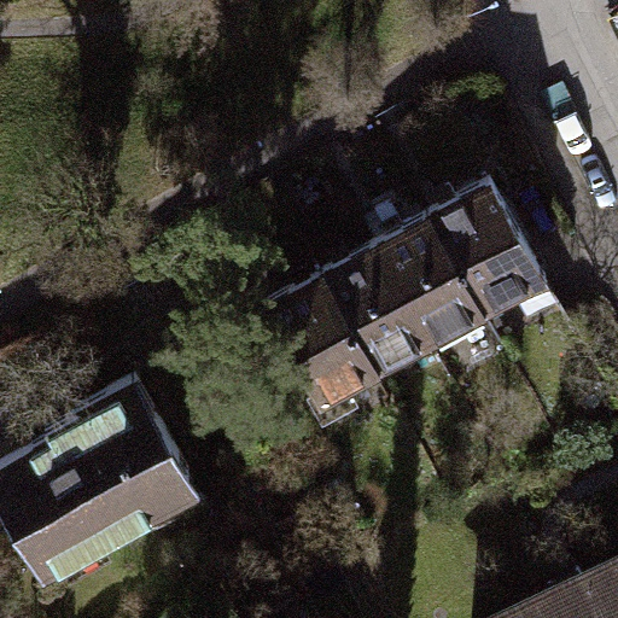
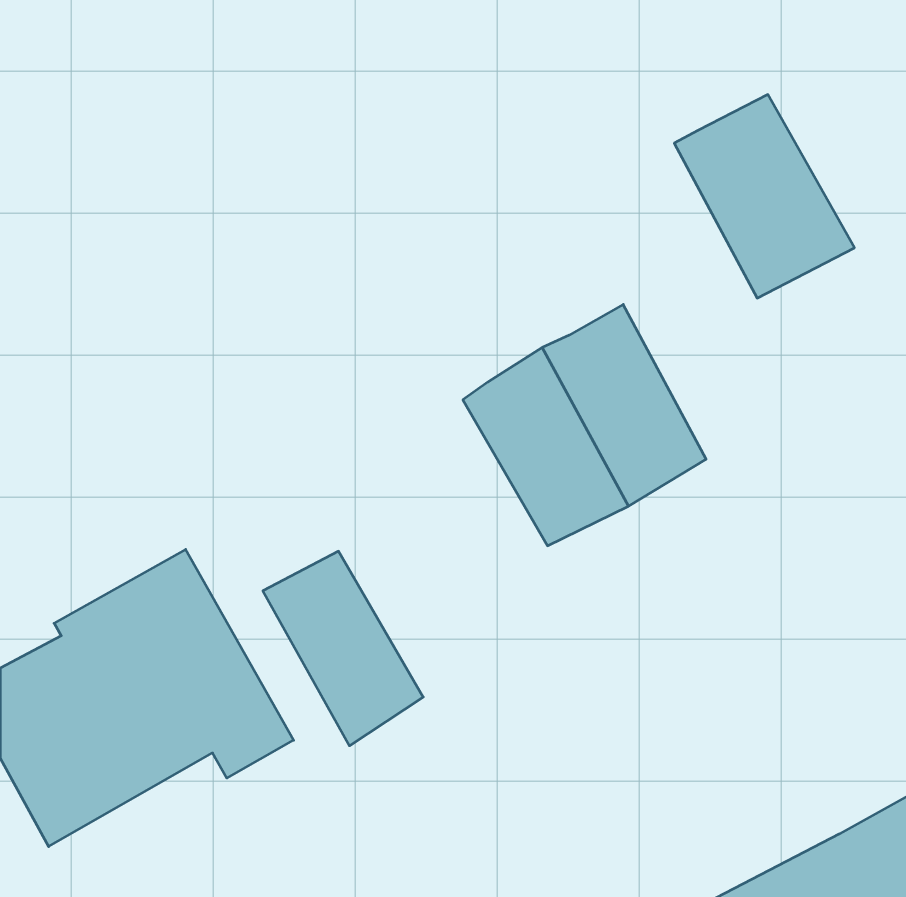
building: [427,187,548,323] -> [674,95,854,298]
building: [269,284,377,414] -> [263,551,423,746]

